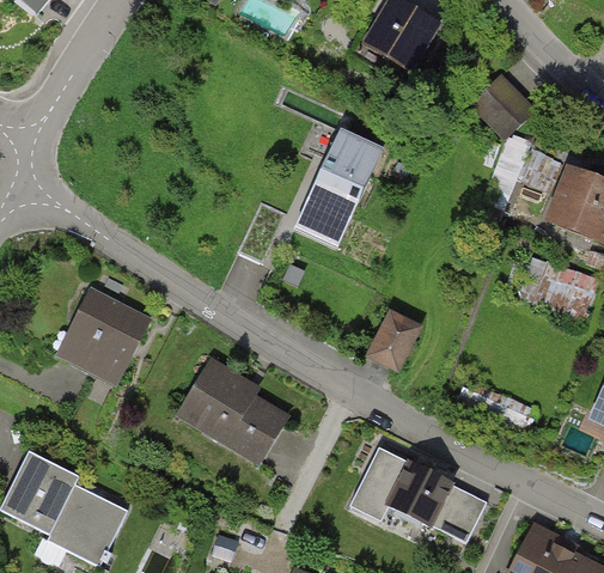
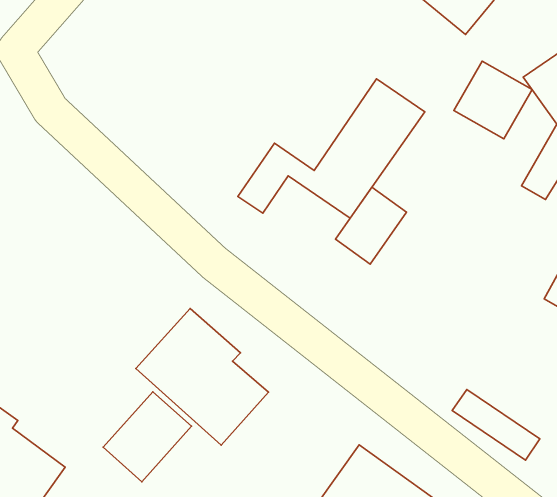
building: none -> [454,61,532,139]
building: [55,284,153,386] -> none
building: [366,307,423,374] -> [336,187,406,264]
building: none -> [103,392,192,482]

